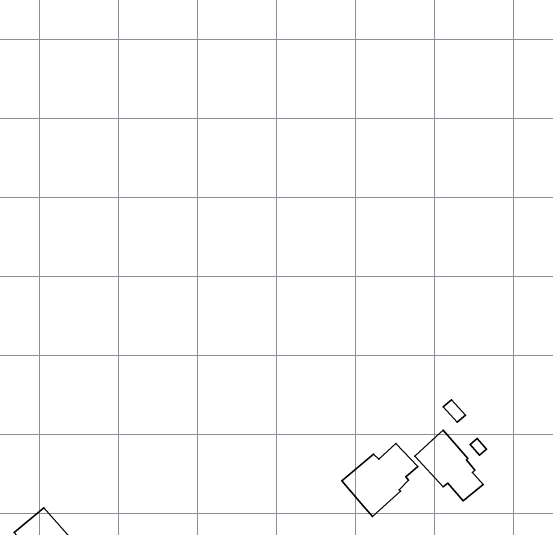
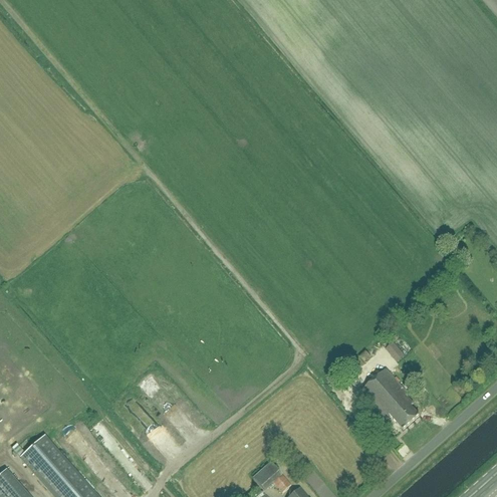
building: [342,443,418,516] -> none

